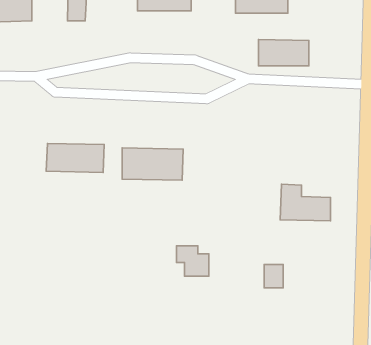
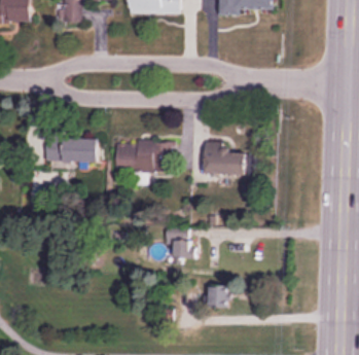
building: [258,40,309,66] -> none
building: [280,184,330,221] -> [203,140,249,174]
building: [264,265,283,288] -> [210,284,227,306]

